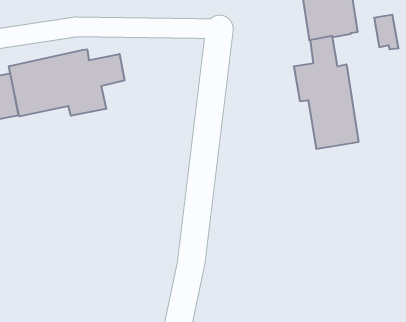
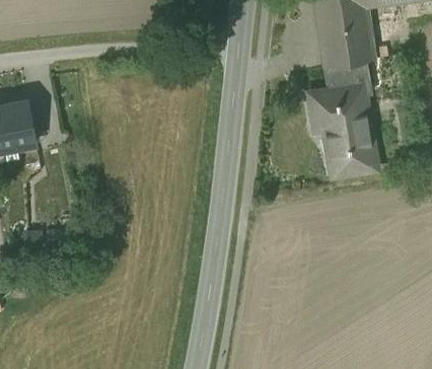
building: [374,15,399,49] -> [349,63,373,97]
building: [9,49,125,116] -> none

